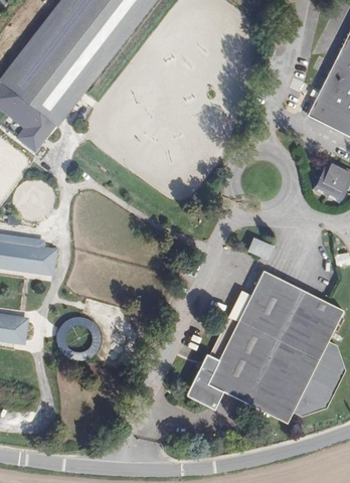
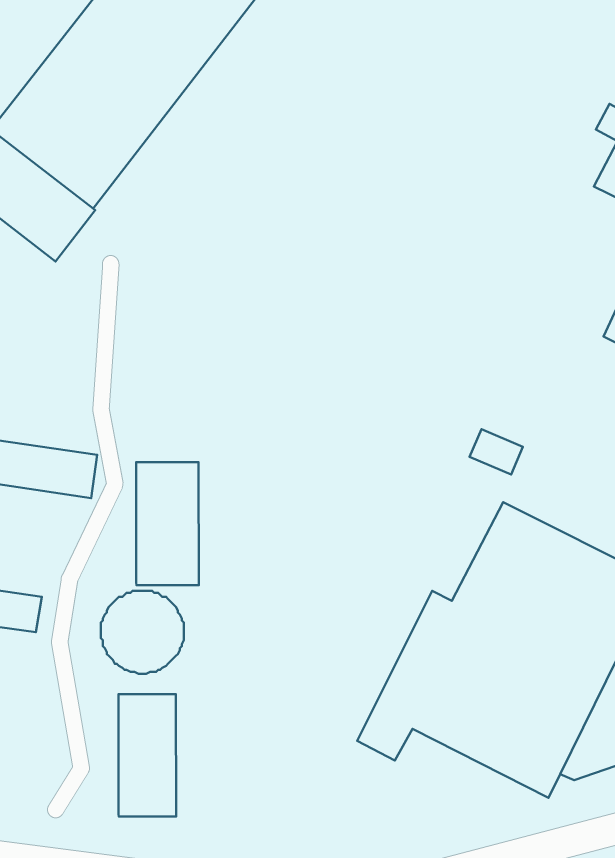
building: none -> [136,462,199,585]
building: none -> [119,694,176,817]

